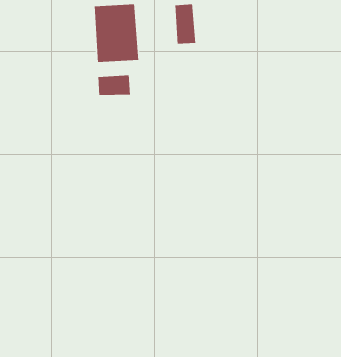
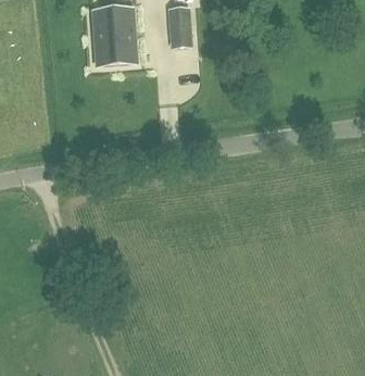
building: [97,75,131,96] -> none

